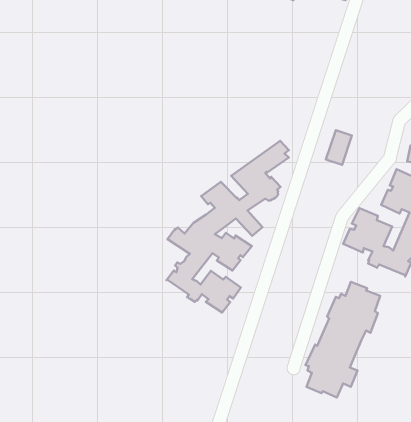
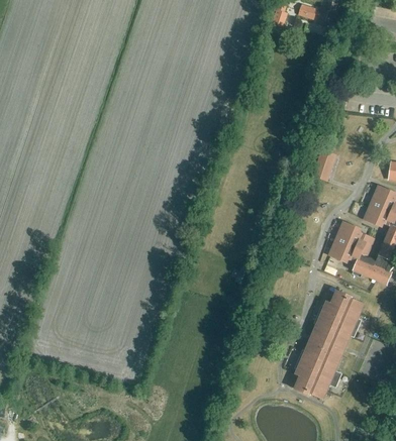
building: [167,141,289,312] -> none

